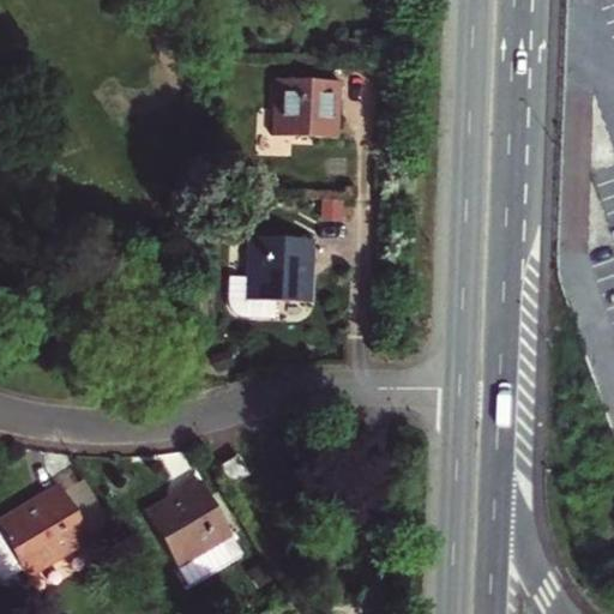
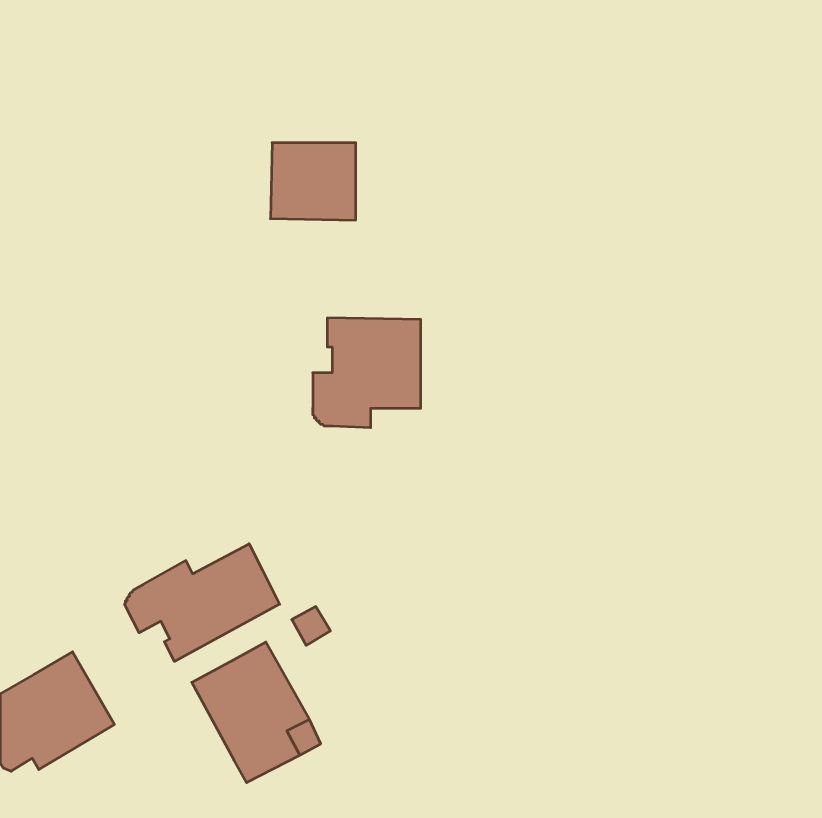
building: [278,79,342,137] -> [270,143,356,220]
building: none -> [125,544,280,661]

